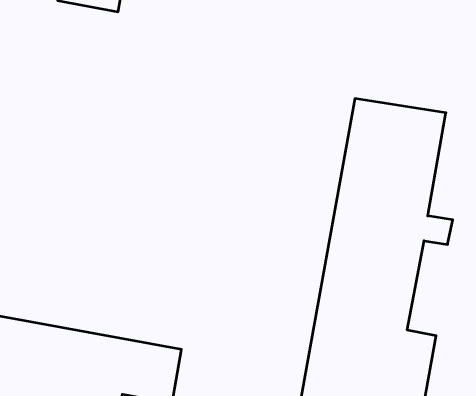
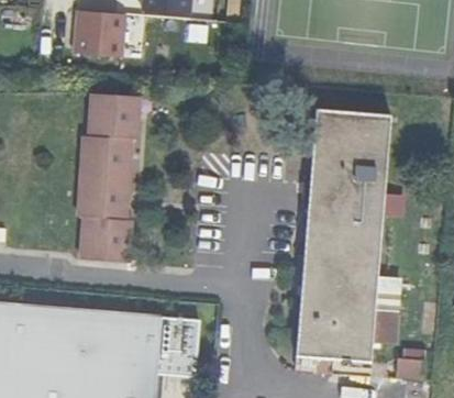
building: none -> [78,92,139,262]

